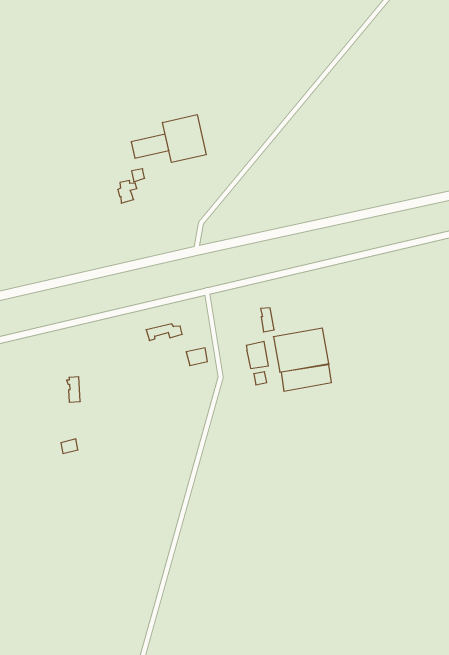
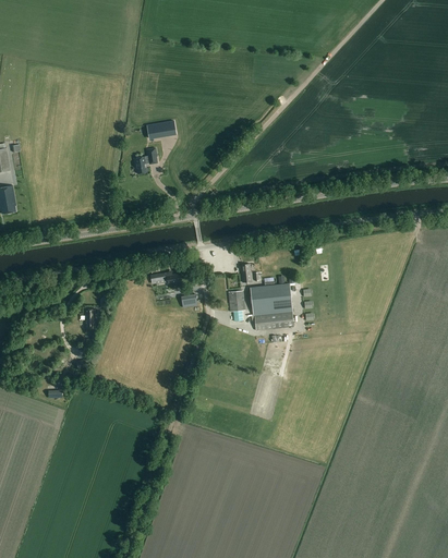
building: [163,115,206,162] -> none

